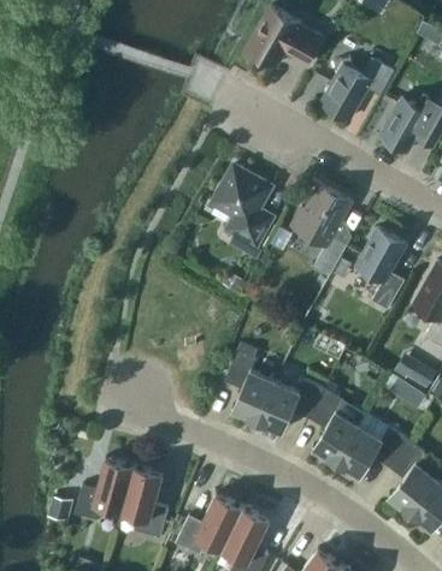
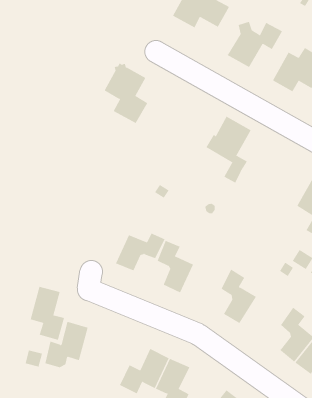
building: [213,166,272,248] -> [104,62,148,124]
building: [355,228,406,310] -> none
building: [257,380,324,432] -> [115,233,166,271]
building: [336,426,407,477] -> none
building: [122,466,169,539] -> [30,286,65,340]

